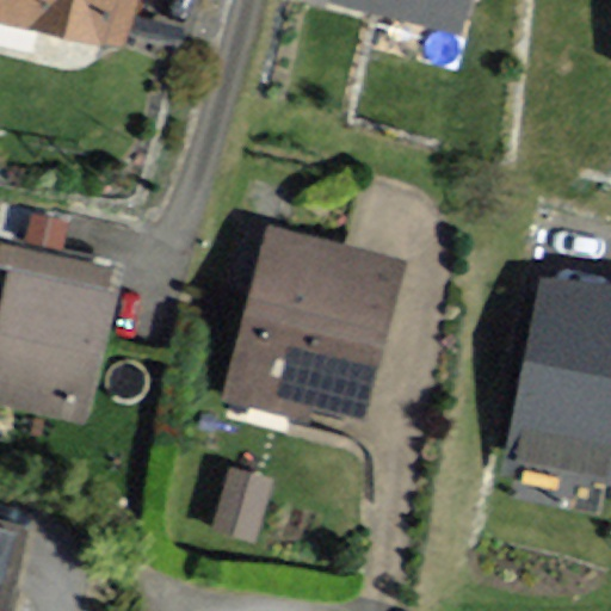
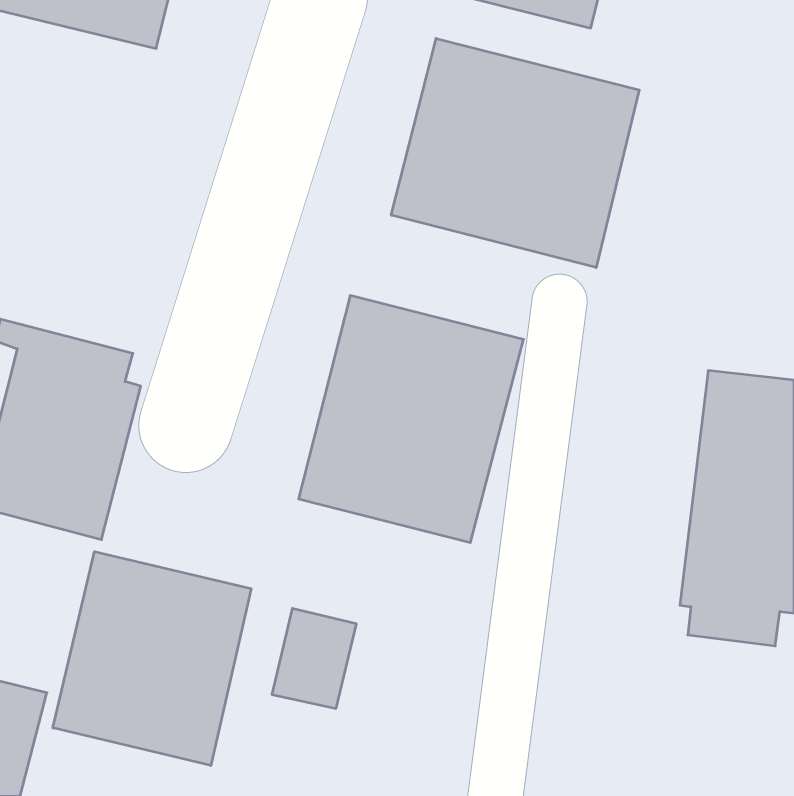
building: none -> [391,38,639,268]
building: none -> [53,552,251,766]

